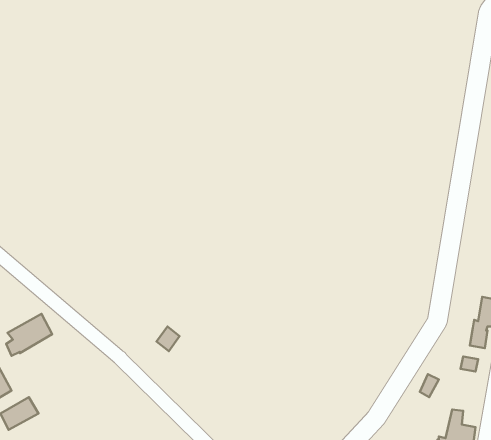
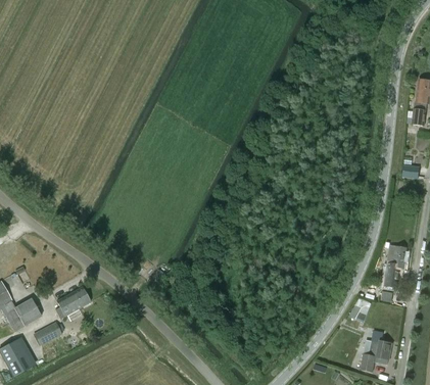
building: [6,314,52,356] -> [55,286,90,318]

